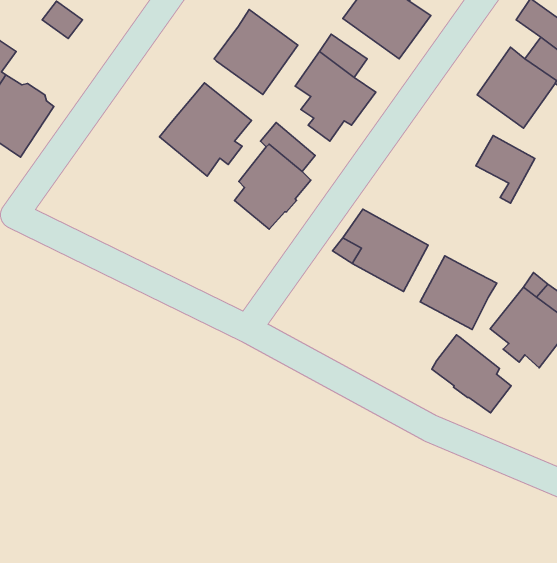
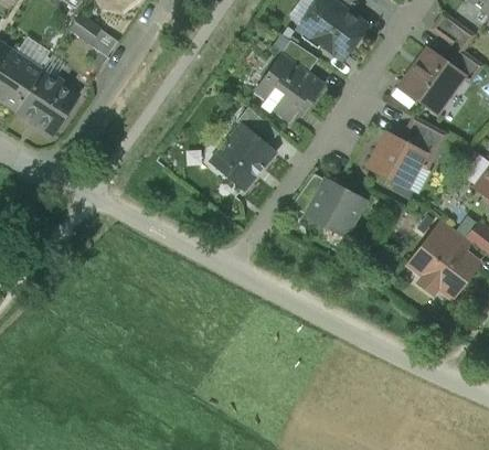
building: [214,10,298,95] -> none
building: [160,83,252,176] -> none
building: [420,256,497,329] -> [366,133,425,190]
building: [432,335,511,413] -> none

